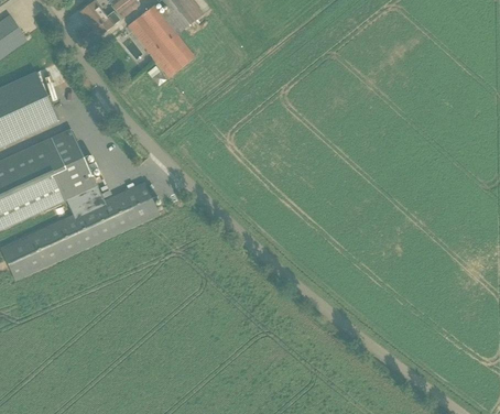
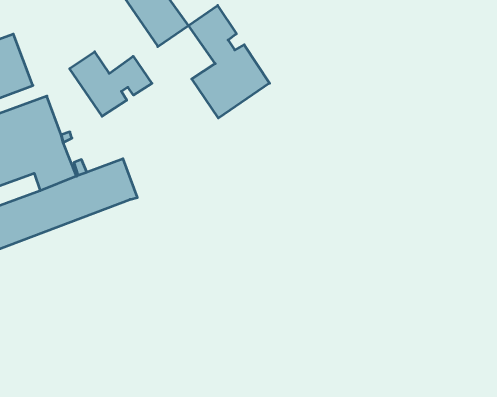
building: none -> [188,5,270,118]
building: none -> [70,52,152,116]

